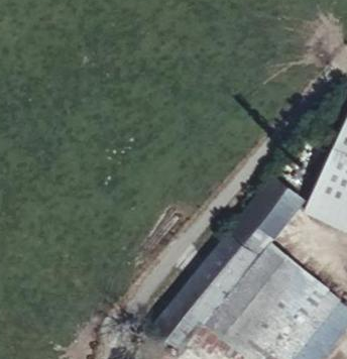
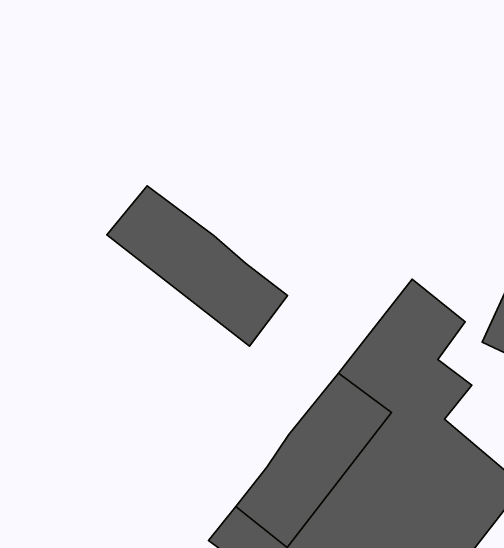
building: none -> [107,186,287,346]

